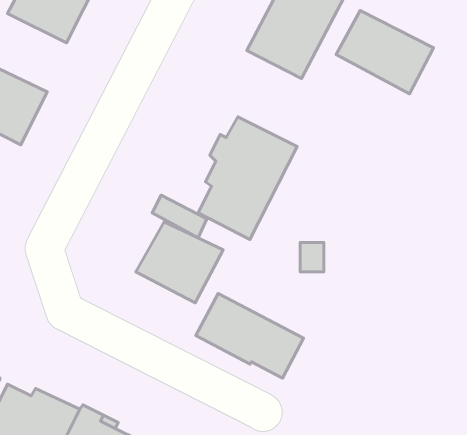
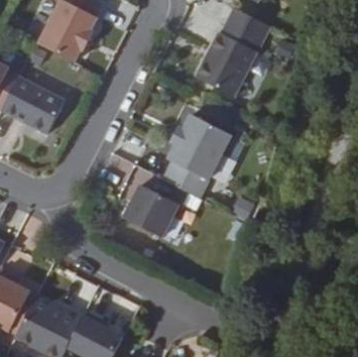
building: [336,10,434,94] -> none
building: [196,294,304,378] -> none

